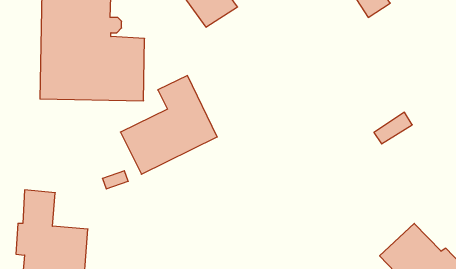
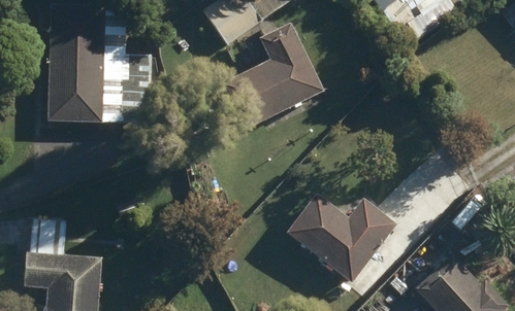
building: [120,76,217,174] -> [219,25,323,131]
building: none -> [287,195,395,282]

